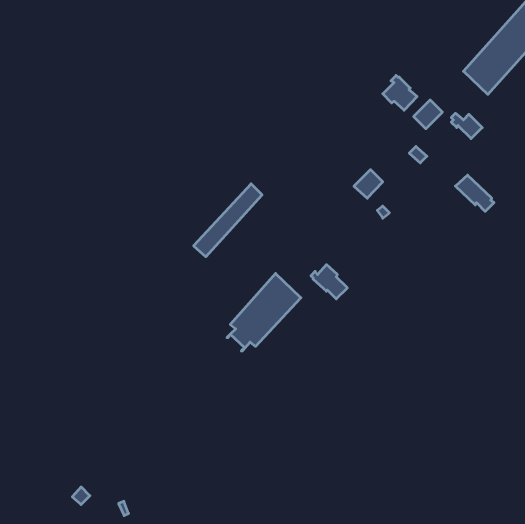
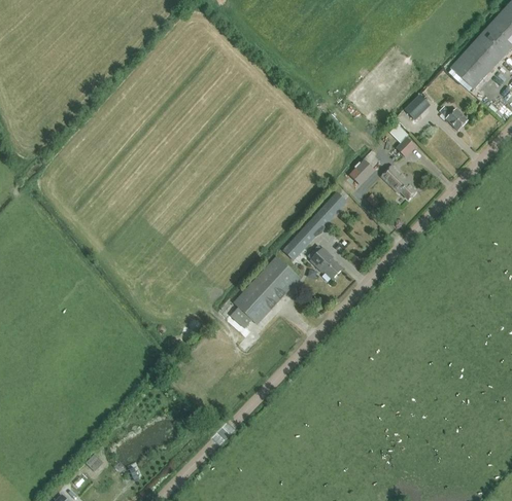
building: [383,75,417,110] -> none
building: [455,175,494,211] -> [380,166,416,200]
building: [194,184,262,257] -> [282,192,346,260]

